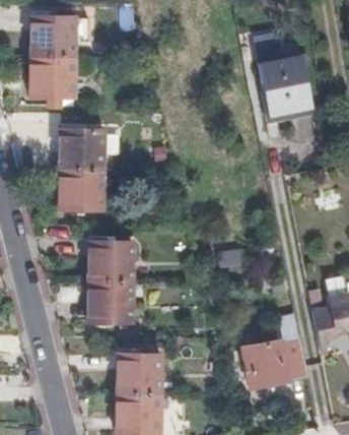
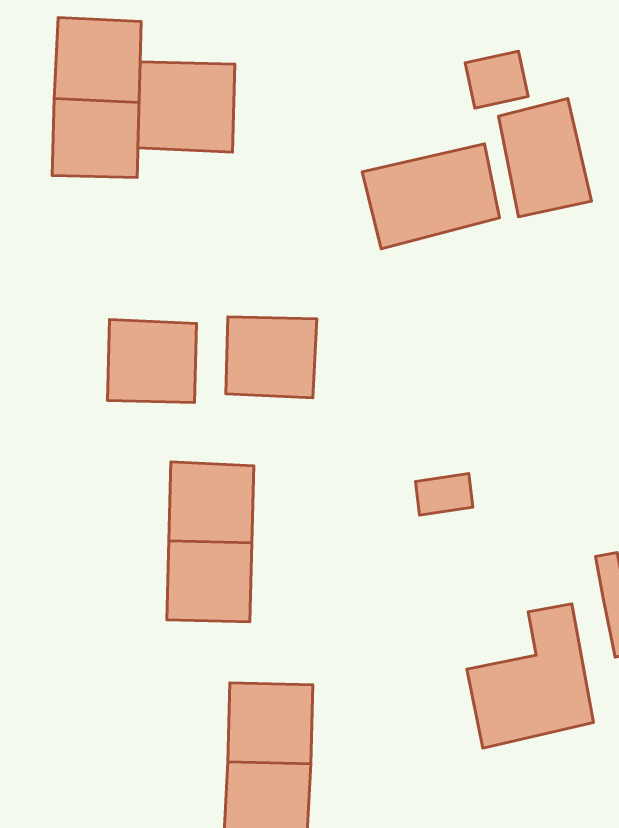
building: none -> [138,62,235,152]
building: none -> [362,144,500,249]
building: [59,127,106,169] -> [226,317,317,398]

